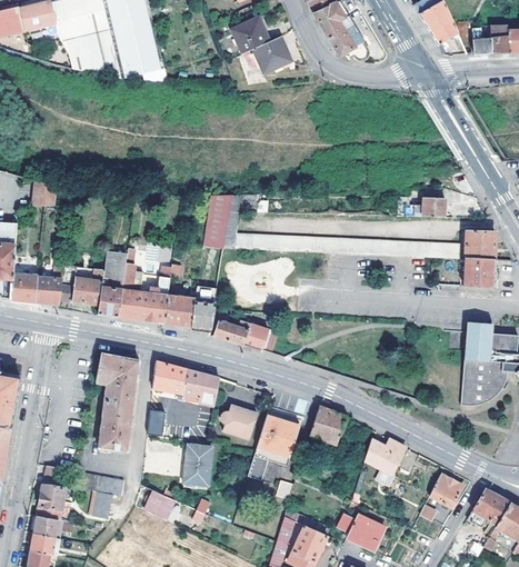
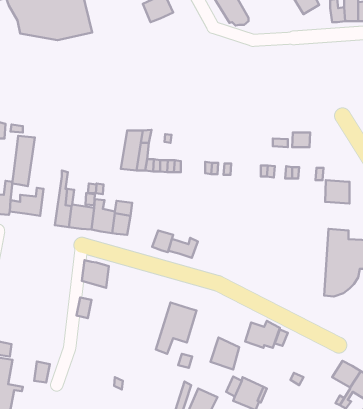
building: [252,39,291,74] -> none
building: [465,231,495,260] -> none
building: [98,251,127,316] -> [12,136,35,186]
building: [212,318,250,344] -> [168,238,198,258]
building: [94,351,139,451] -> none
building: [183,368,219,405] -> none
building: [218,402,256,435] -> none
building: [309,405,346,446] -> [211,338,239,370]
building: [182,444,211,485] -> none
building: [76,471,123,495] -> none
building: [429,472,462,506] -> none
building: [142,489,173,520] -> none

